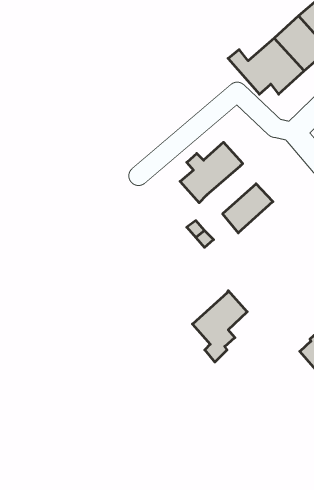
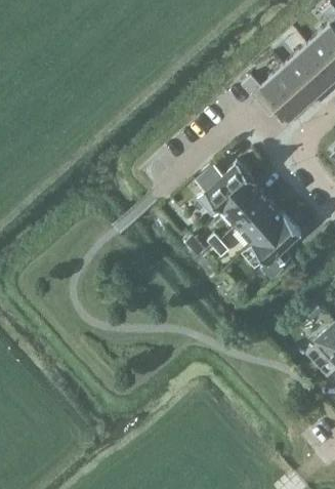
building: none -> [223,185,268,229]
building: [192,291,247,362] -> [252,215,302,281]

